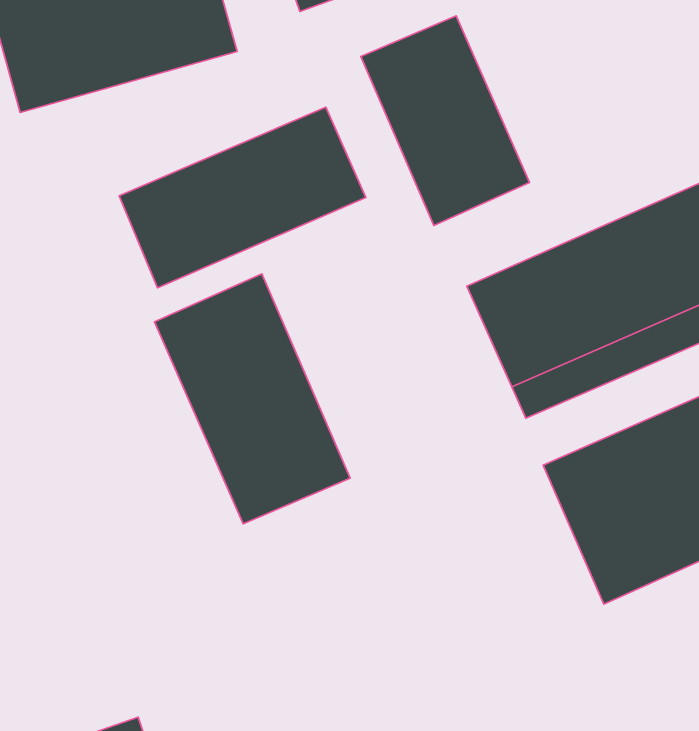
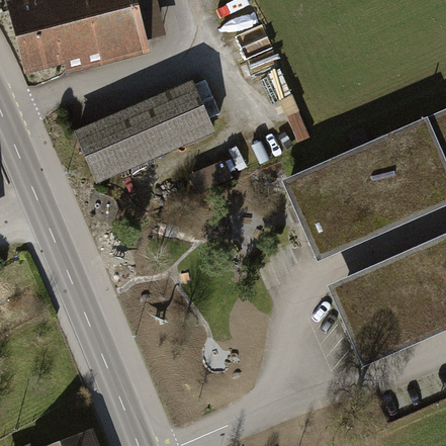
building: [361,16,530,225] -> none
building: [154,274,350,524] -> none

